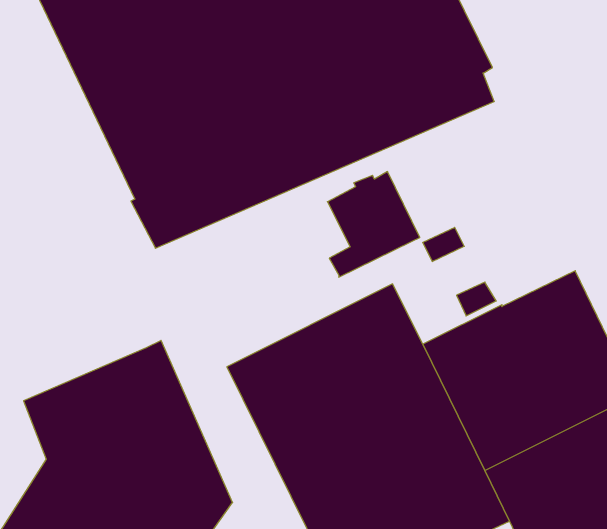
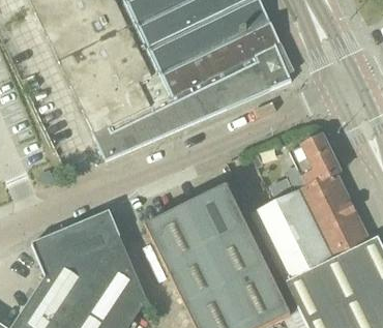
building: [327,172,420,277] -> [289,135,340,192]

